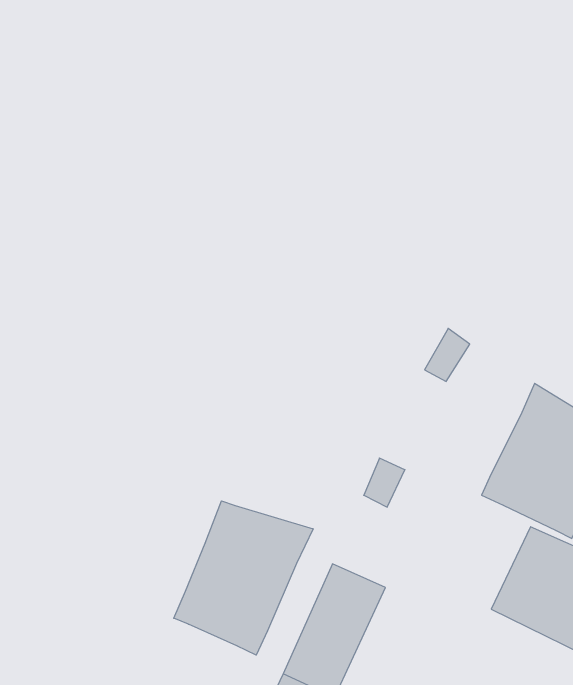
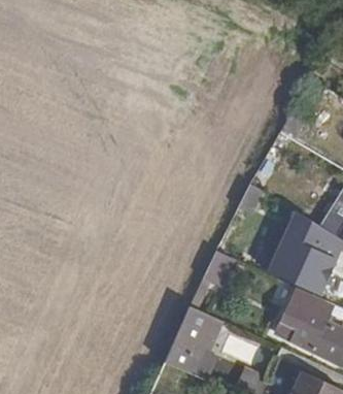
building: [174,501,313,655] -> none

